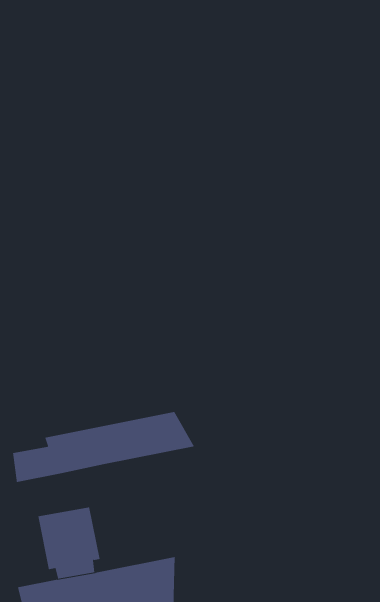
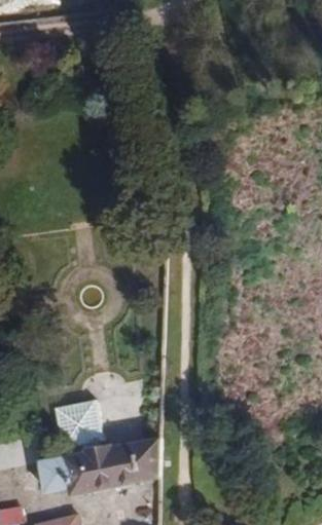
building: [12,411,195,483] -> none

